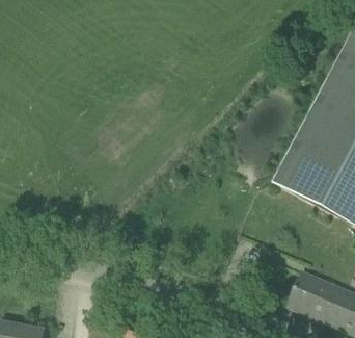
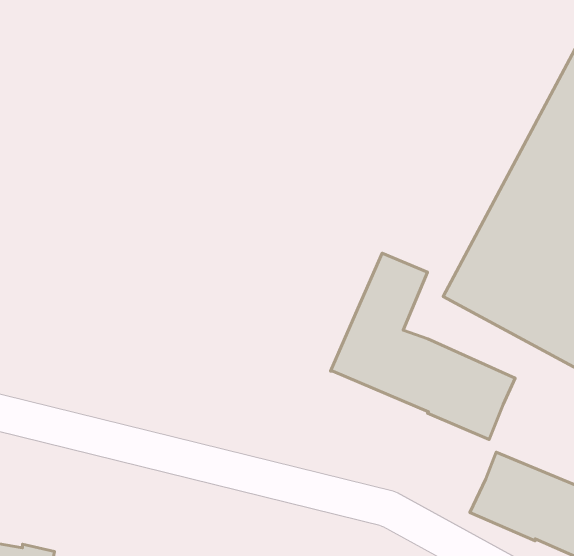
building: none -> [331,253,515,440]

